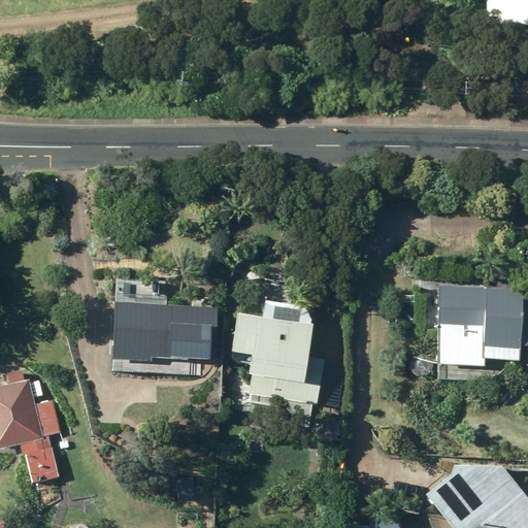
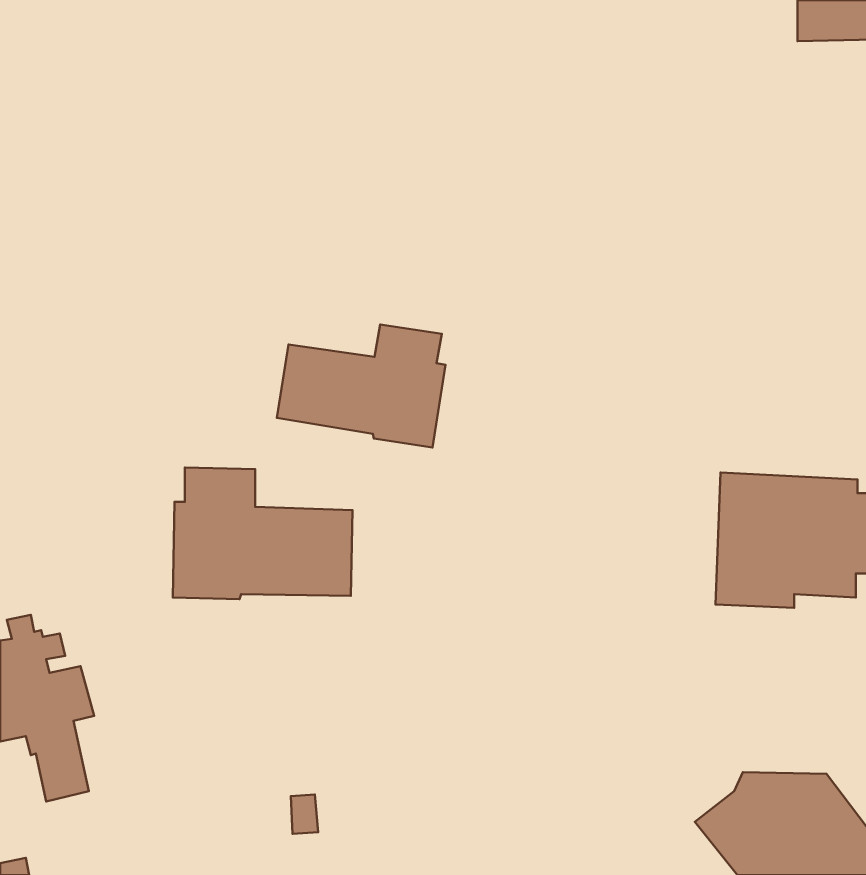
building: none -> [277,324,446,447]
building: [231,305,323,404] -> none

